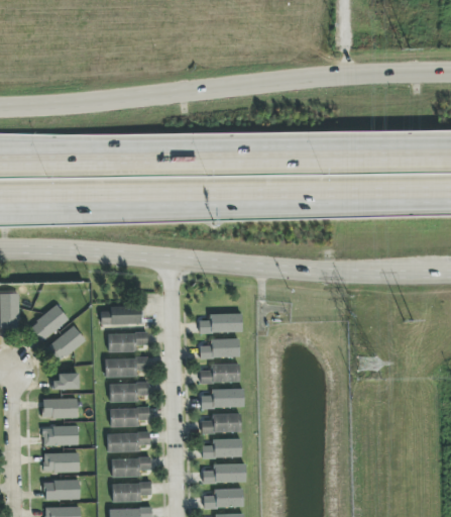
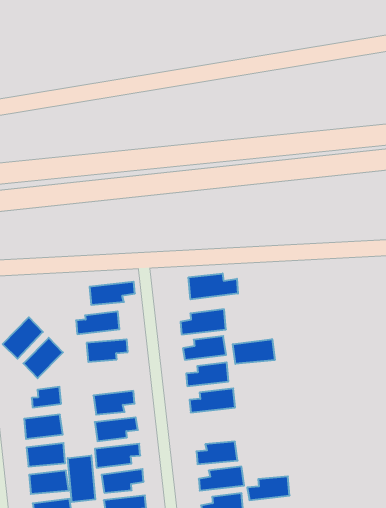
building: none -> [189,273,238,299]
building: none -> [233,339,275,364]
building: [106,357,148,376] -> [90,282,135,305]
building: [202,413,241,432] -> [247,476,290,500]
building: none -> [68,455,95,502]

